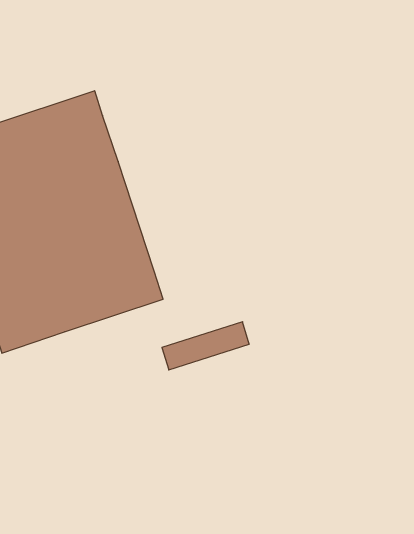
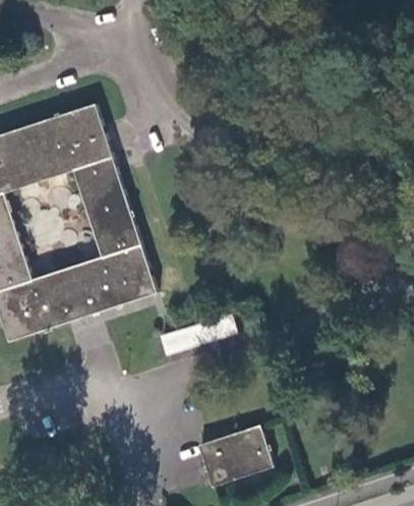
building: none -> [199,426,272,486]

